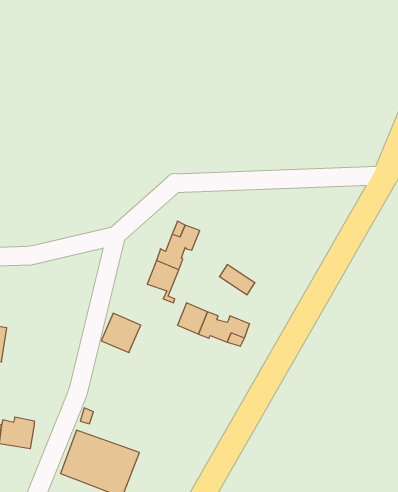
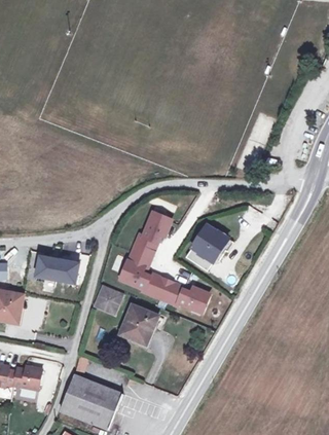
building: none -> [192,225,227,261]
building: none -> [37,255,81,285]
building: none -> [124,261,160,294]
building: none -> [121,304,160,343]

